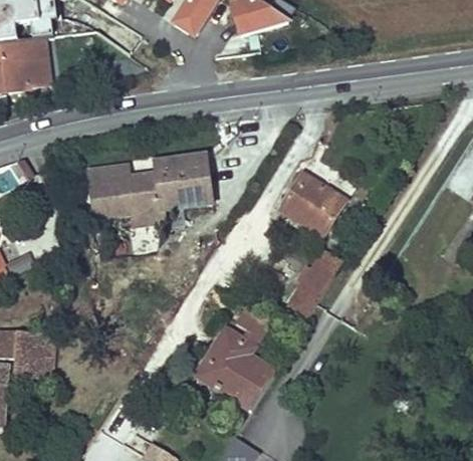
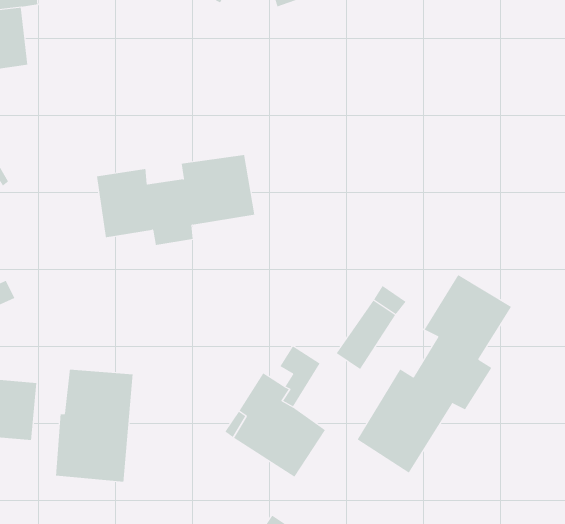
building: [280,172,343,232] -> none
building: none -> [357,274,512,473]
building: none -> [56,369,133,482]

